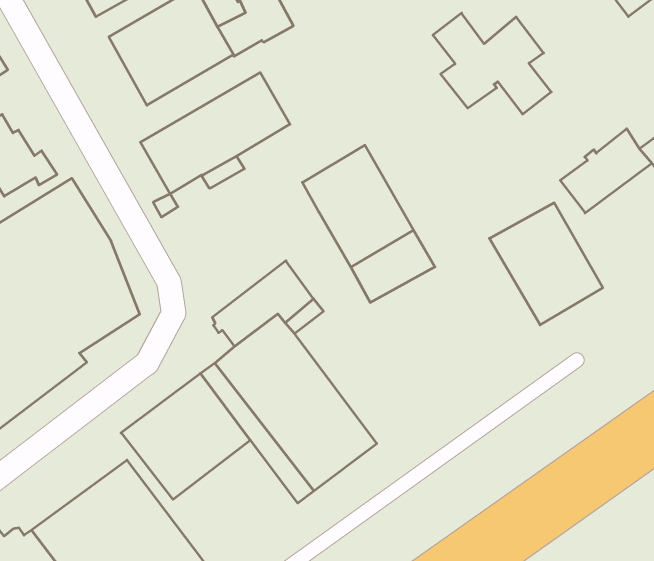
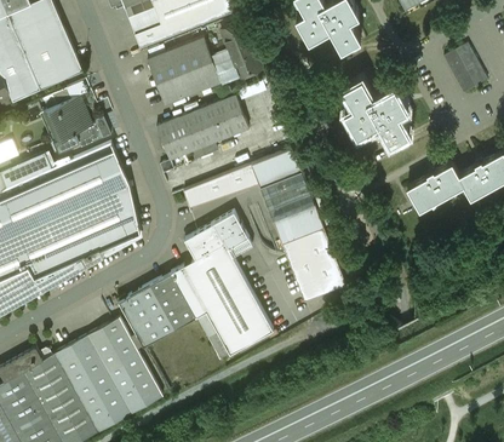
building: none -> [182,166,257,209]
building: [489,203,603,325] -> [280,229,344,302]

